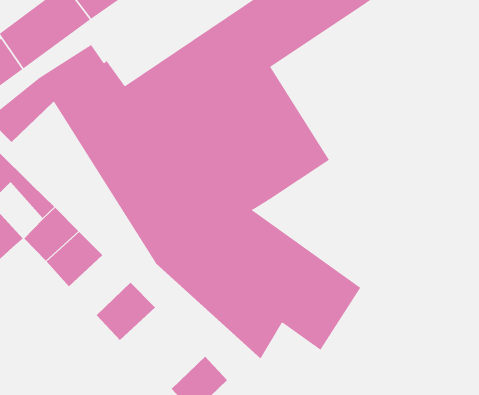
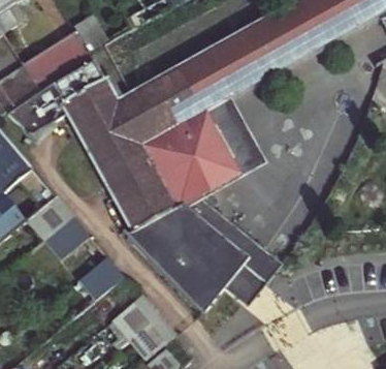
building: none -> [112,291,157,335]

